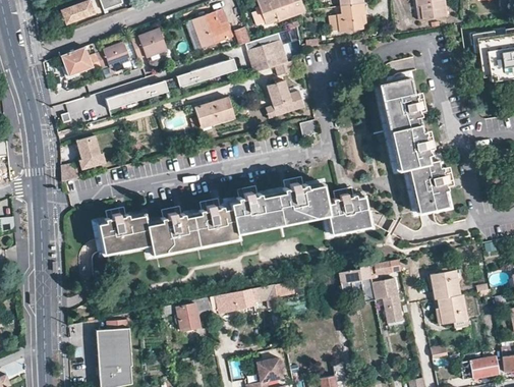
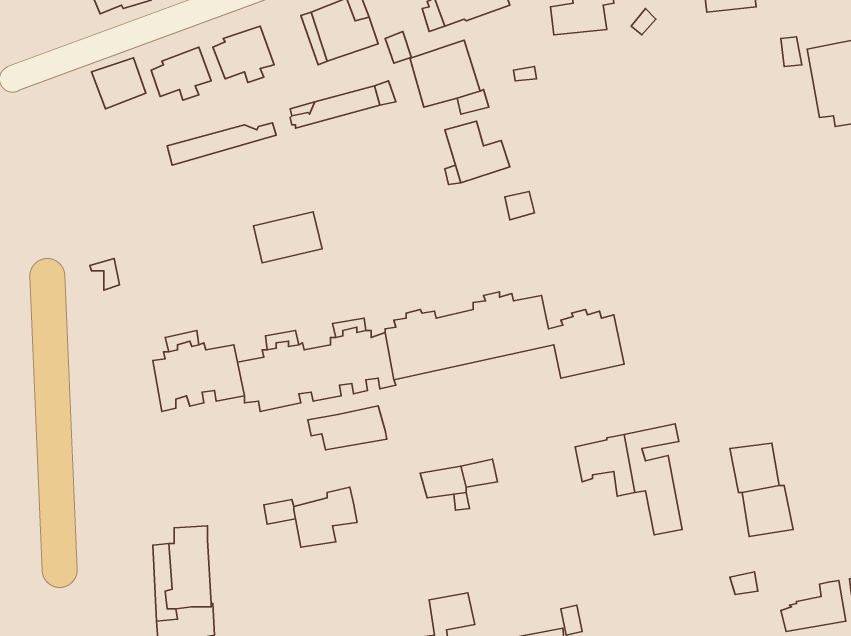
building: [380,78,450,212] -> none
building: [194,100,234,129] -> [253,212,322,263]
building: [76,135,103,169] -> none
building: [212,287,258,313] -> [308,406,387,450]

